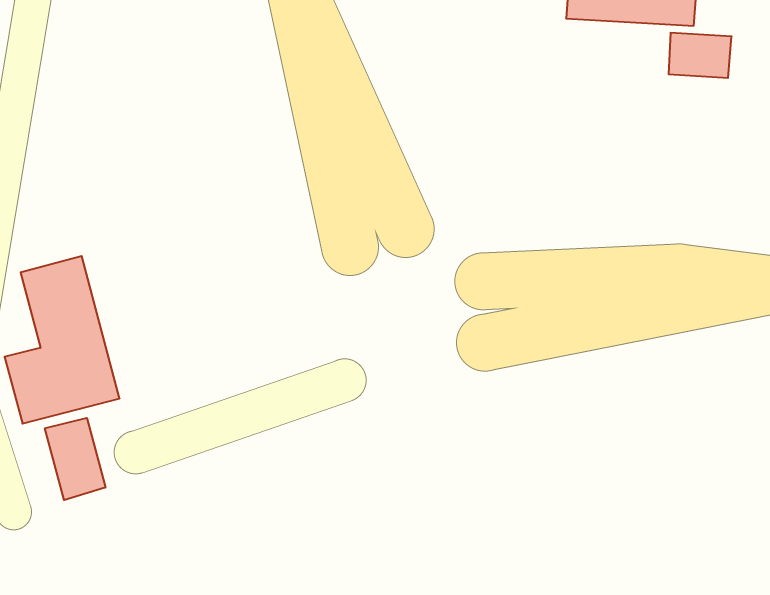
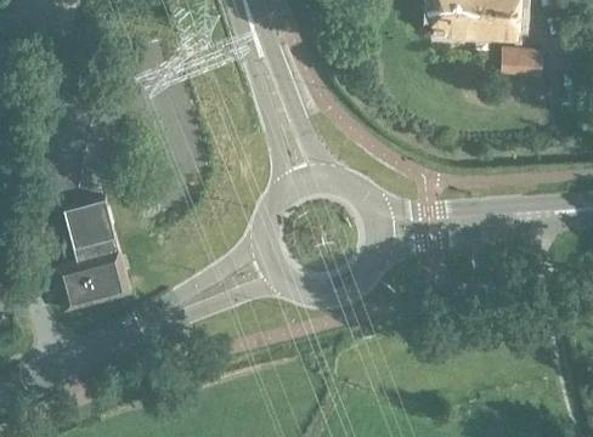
building: [45,418,105,500] -> none

